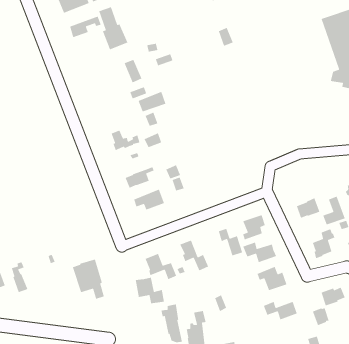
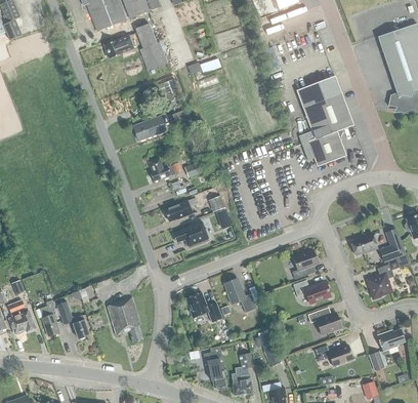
building: none -> [296,75,353,165]
building: [137,91,167,113] -> [133,116,165,139]
building: [218,228,243,257] -> none
building: none -> [57,301,89,338]
building: [135,277,165,304] -> none

